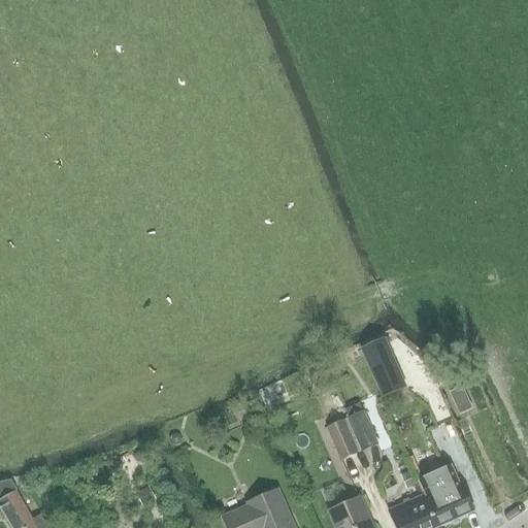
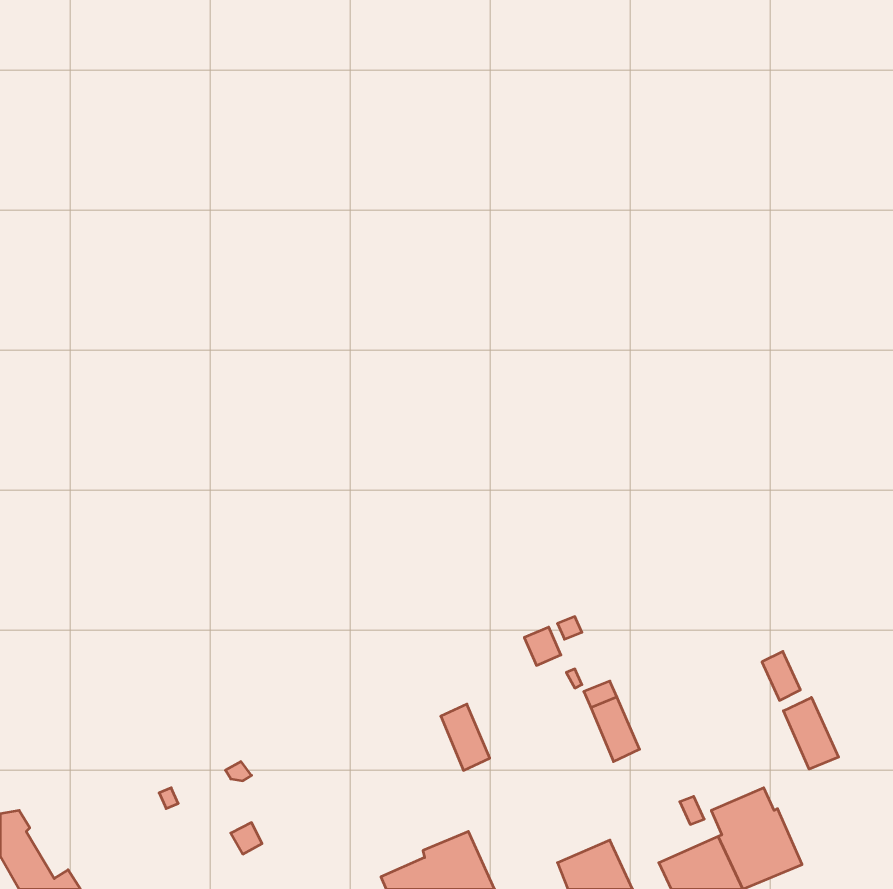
building: [362,338,405,395] -> none
building: none -> [783,697,839,769]
building: [328,420,357,459] -> [441,704,490,770]

